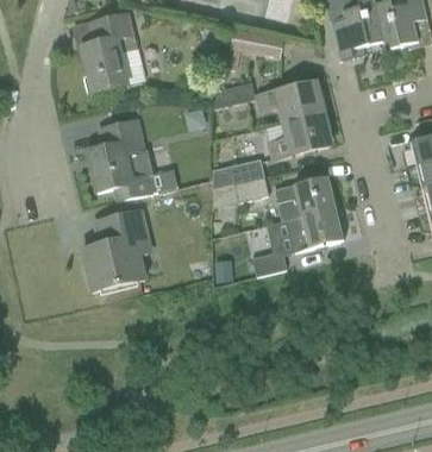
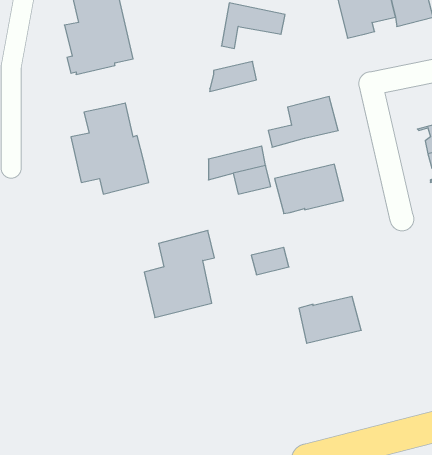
building: [268,81,324,123] -> none
building: [288,208,345,251] -> [299,296,361,343]
building: [81,212,145,291] -> [144,230,214,318]

